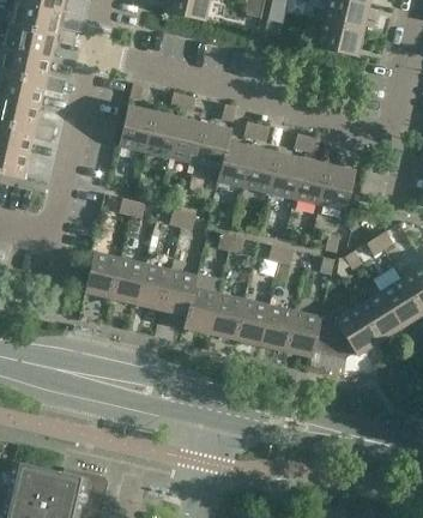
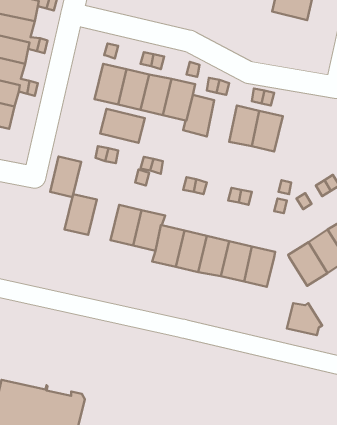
building: [246,146,279,193] -> none
building: none -> [100,109,145,143]
building: [321,164,356,210] -> none
building: [113,258,147,303] -> [50,156,81,197]
building: [314,323,353,359] -> [287,303,322,335]

